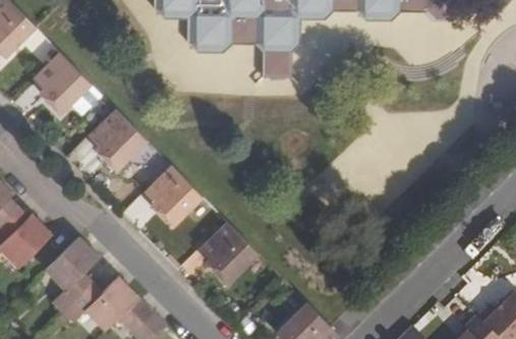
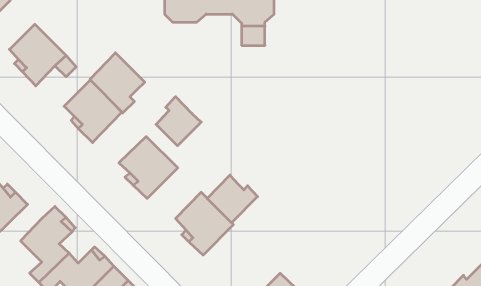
building: none -> [90,53,145,113]
building: none -> [156,97,201,146]
building: none -> [207,175,258,223]

